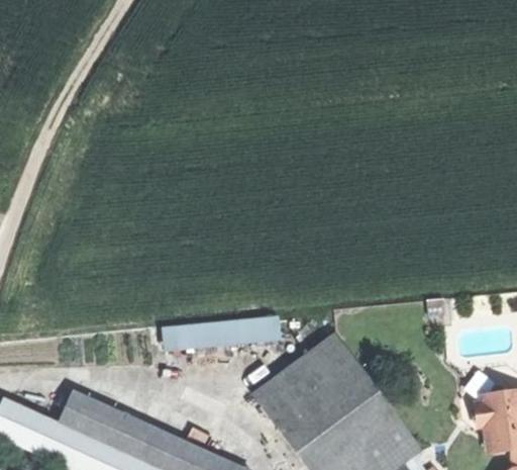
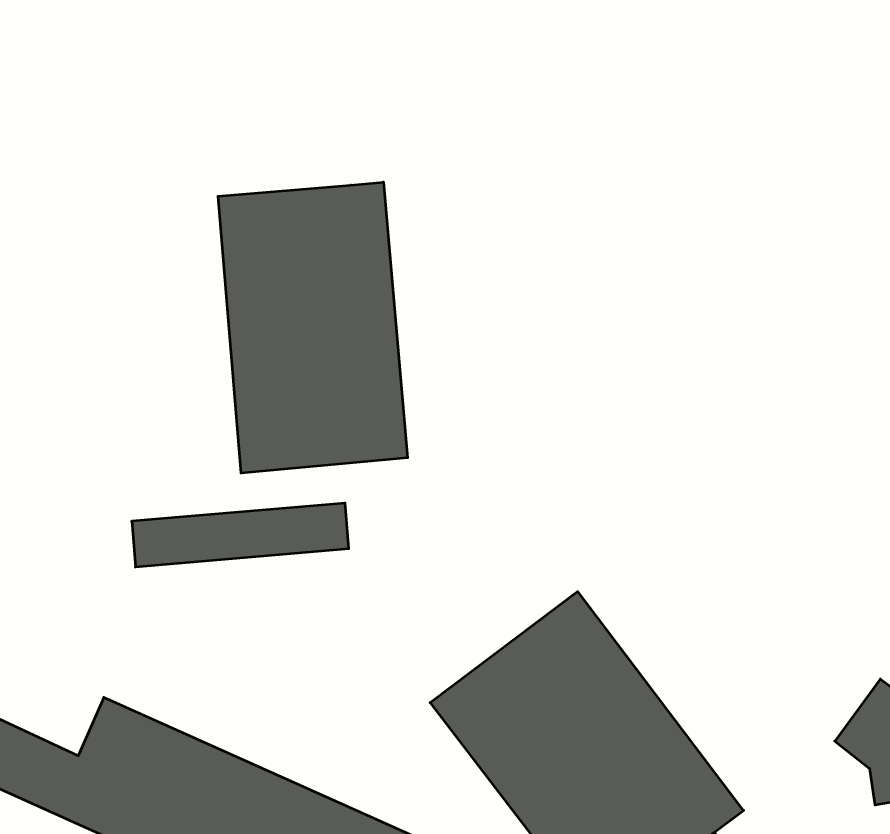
building: none -> [218,182,408,473]
building: [161,314,281,350] -> [132,503,349,567]

